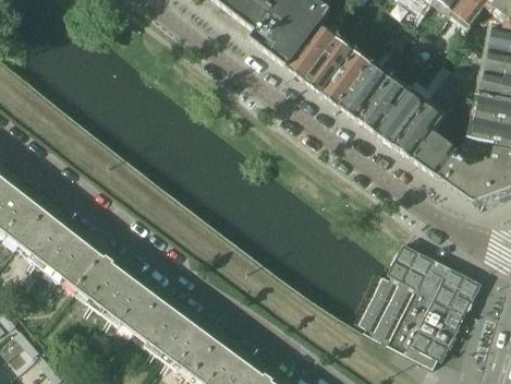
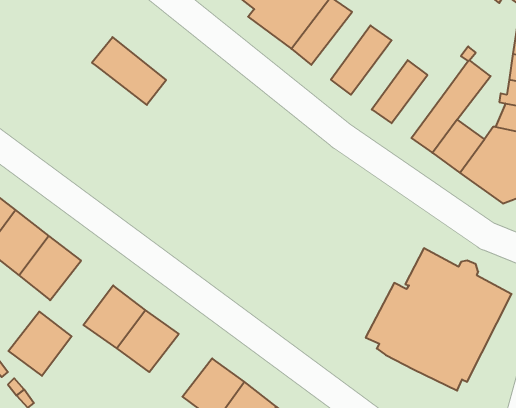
building: [304,33,356,93] -> none
building: none -> [92,37,166,105]
building: [339,62,389,119] -> none
building: [375,88,424,144] -> none
building: [74,252,130,309] -> [8,312,72,376]
building: [161,316,217,372] -> none

